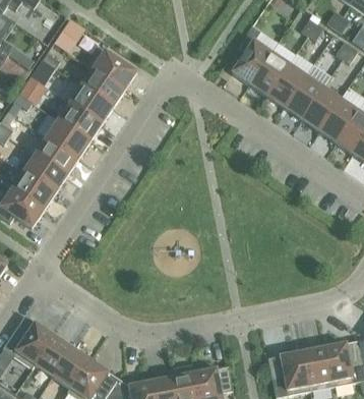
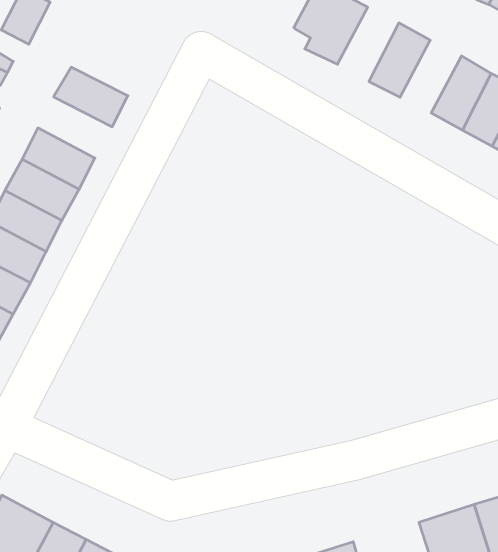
building: [93,50,136,89] -> none
building: [249,52,288,96] -> none
building: [284,75,322,118] -> none
building: [69,84,113,123] -> none

